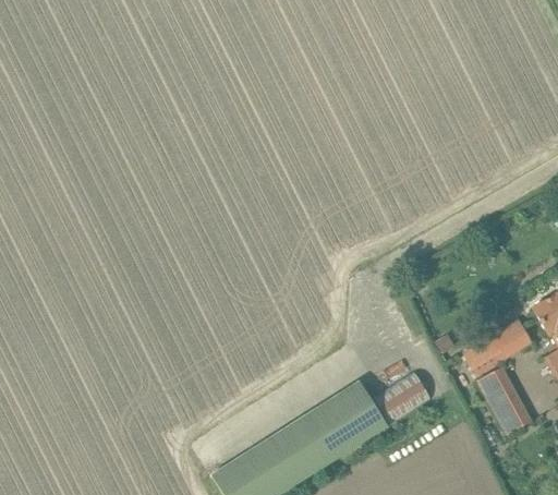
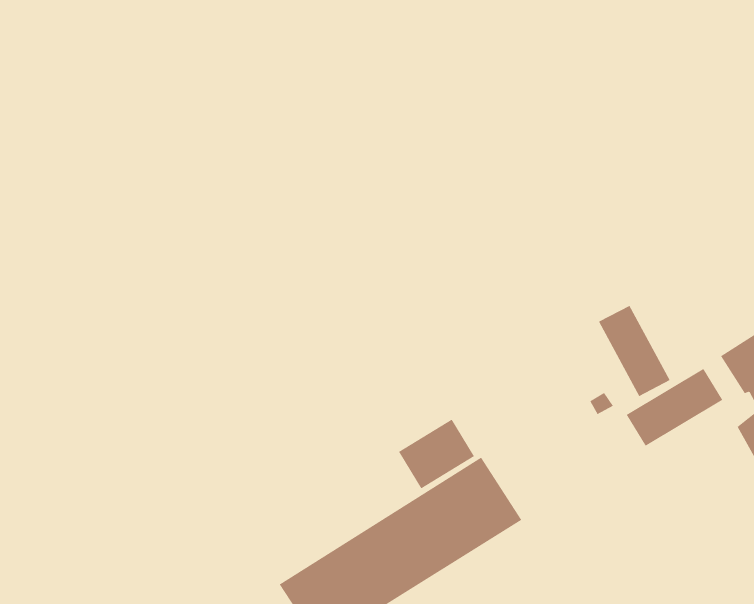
building: [480,364,532,431] -> [598,305,670,397]
building: [375,371,430,422] -> [398,419,475,489]

